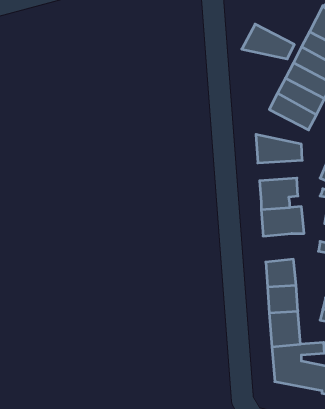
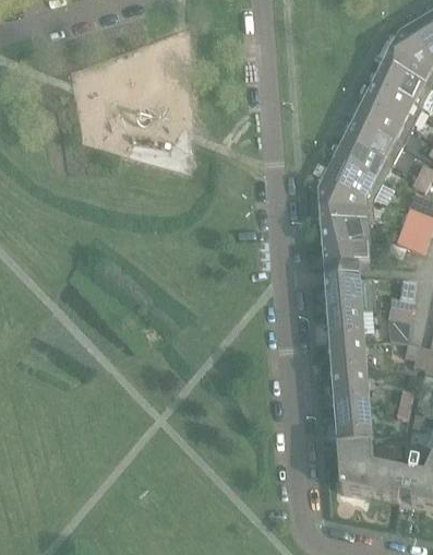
building: [242,24,294,59] -> [317,155,382,198]
building: none -> [320,217,374,243]
building: none -> [326,307,363,342]

